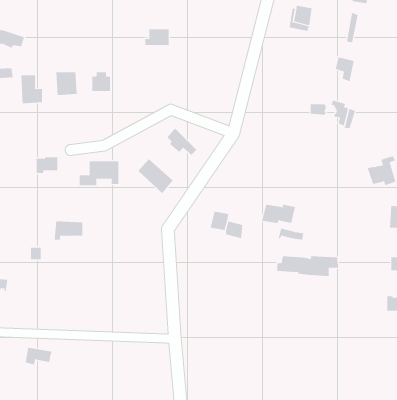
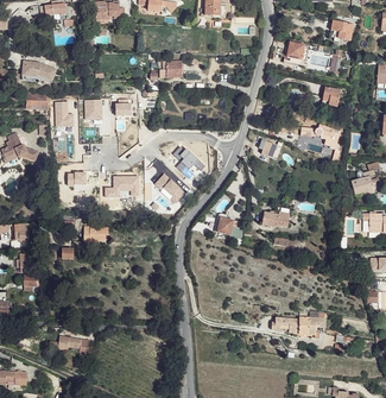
building: [277,256,339,277] -> [271,316,324,334]

